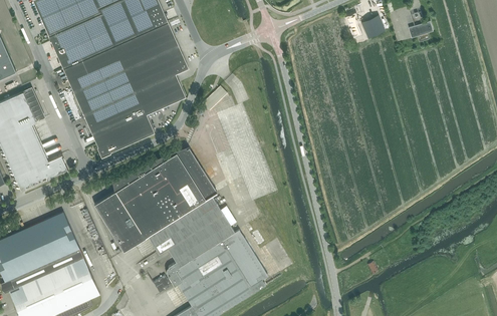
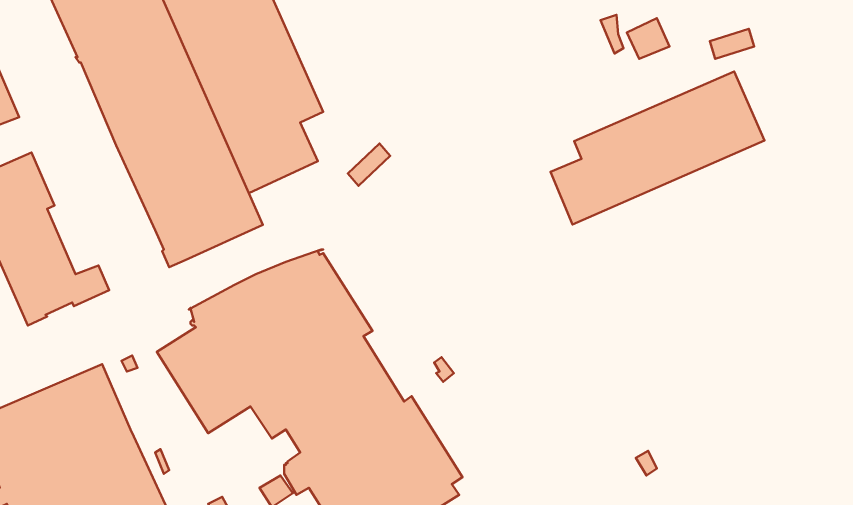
building: none -> [551,71,765,224]

